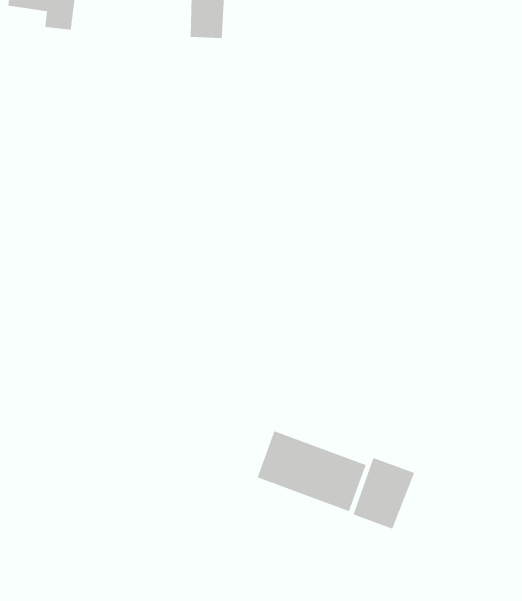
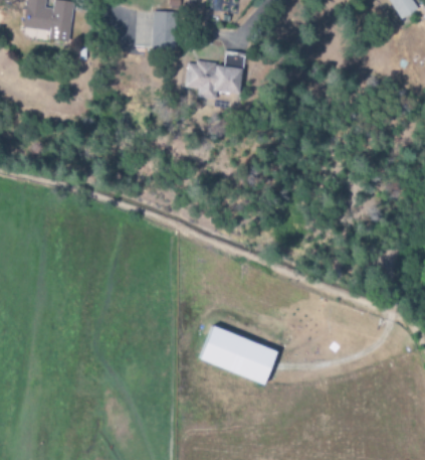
building: none -> [185,50,245,103]
building: [353,457,415,530] -> none

